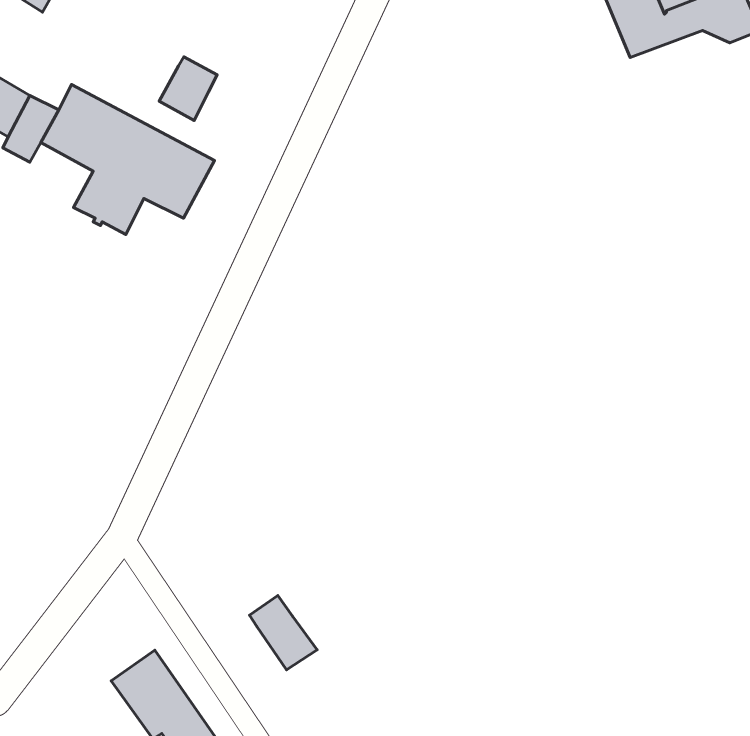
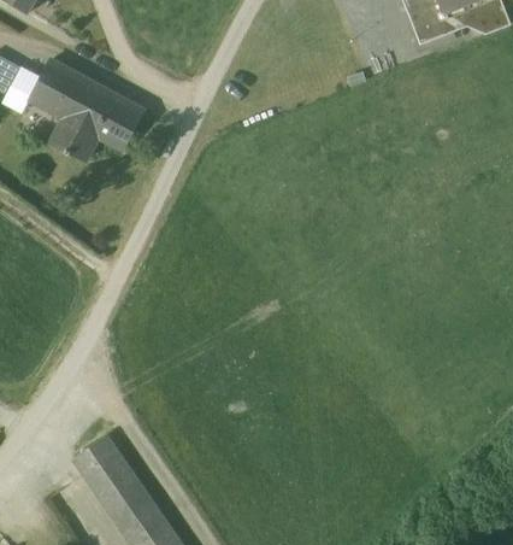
building: [159,57,217,120] -> none
building: [250,595,317,670] -> none

